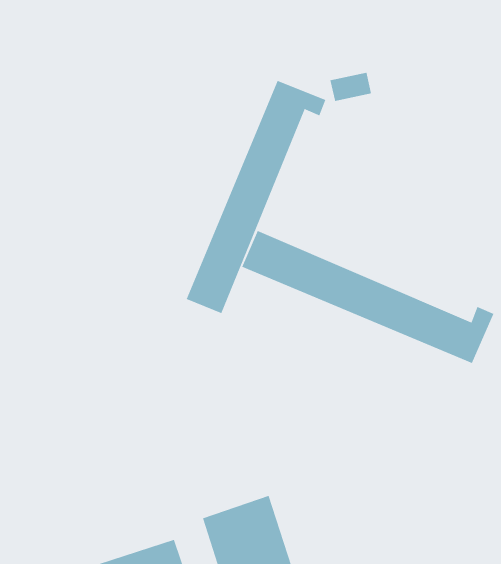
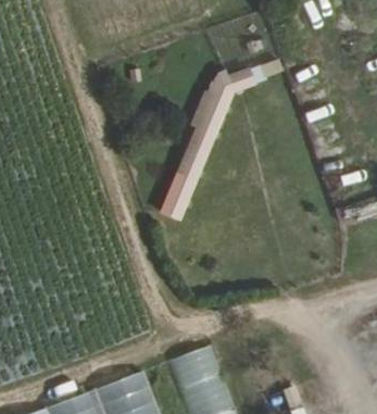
building: [242,230,494,364] -> none

